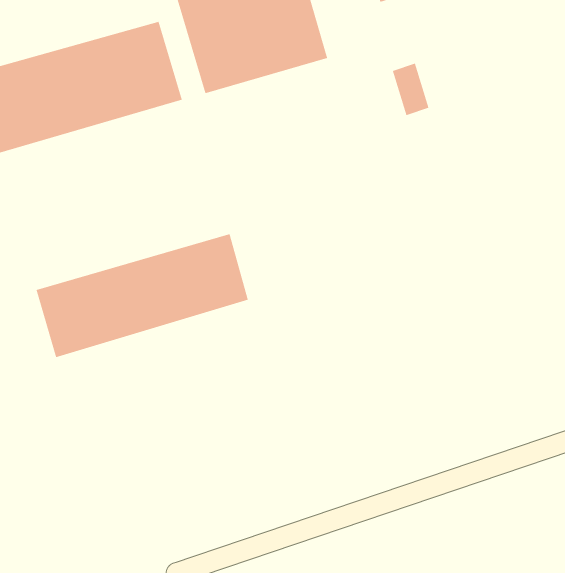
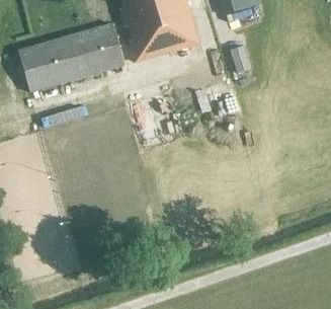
building: [36,233,249,358] -> none

